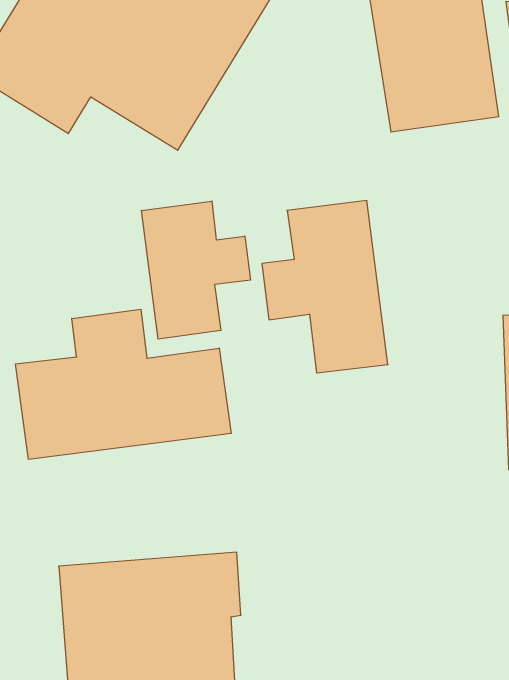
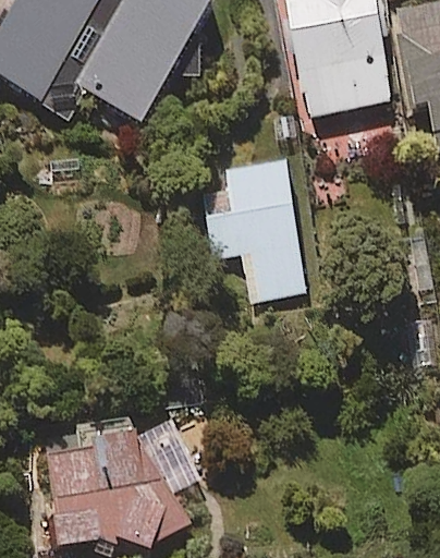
building: [142,201,251,339] -> none
building: [16,309,231,459] -> none

